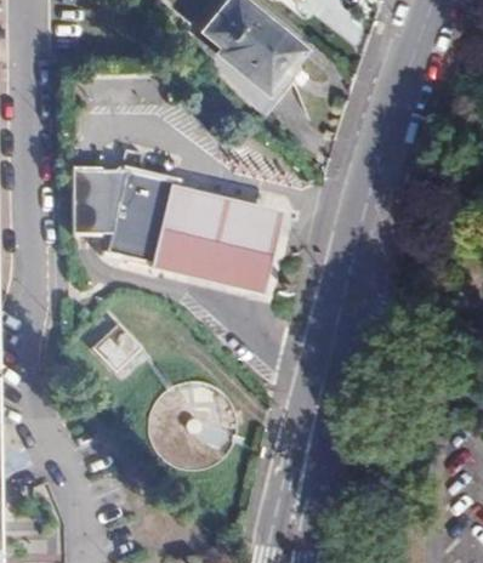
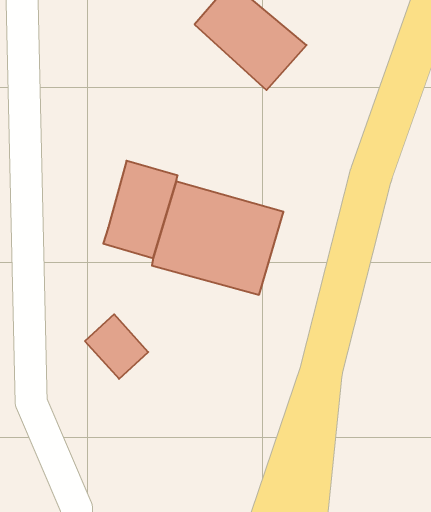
building: [67,165,130,233] -> none
building: [147,381,235,467] -> none

